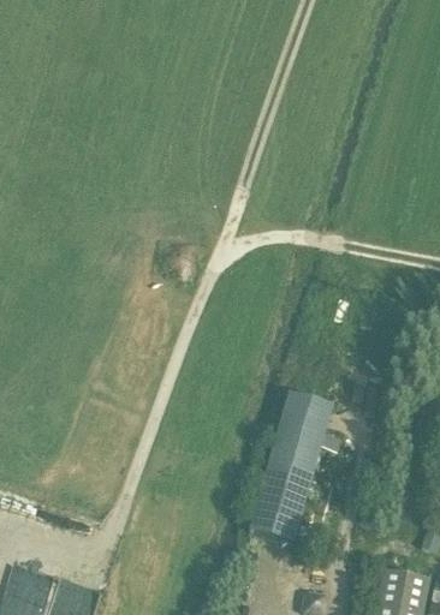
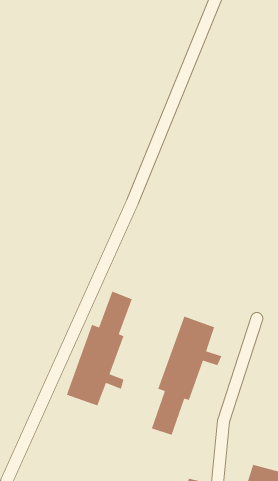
building: none -> [66,291,133,407]

